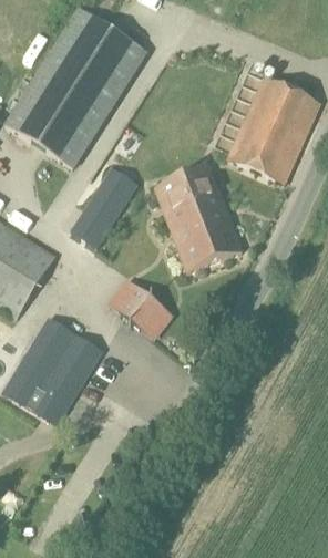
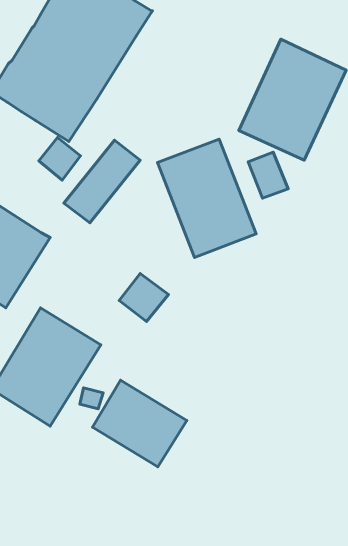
building: none -> [39,138,80,180]
building: none -> [248,152,288,198]
building: none -> [92,380,187,467]

